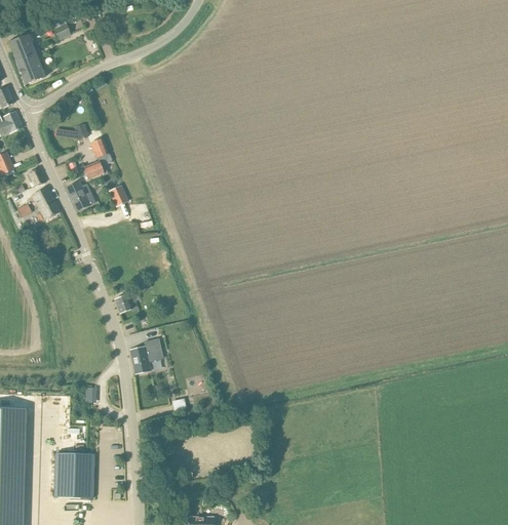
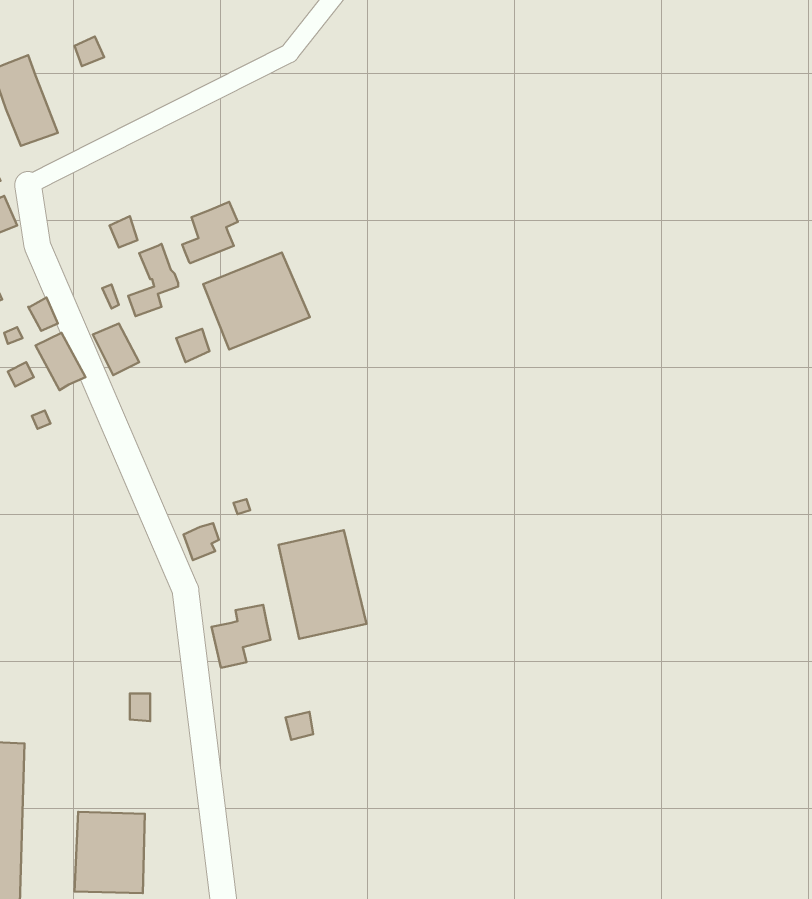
building: none -> [182,202,238,263]
building: none -> [203,253,310,350]
building: none -> [279,530,366,639]

